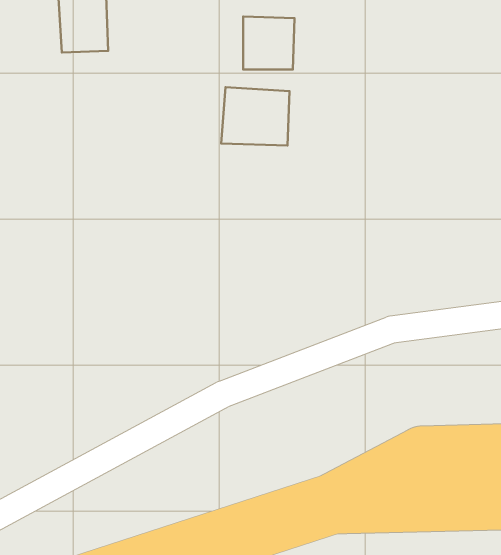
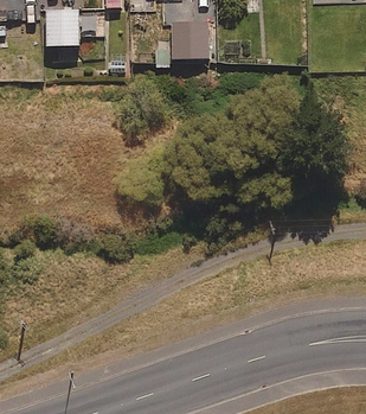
building: [221,87,289,146] -> none

